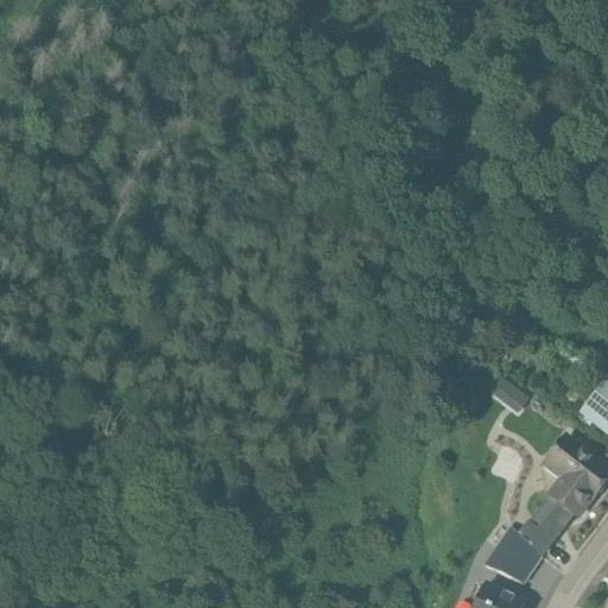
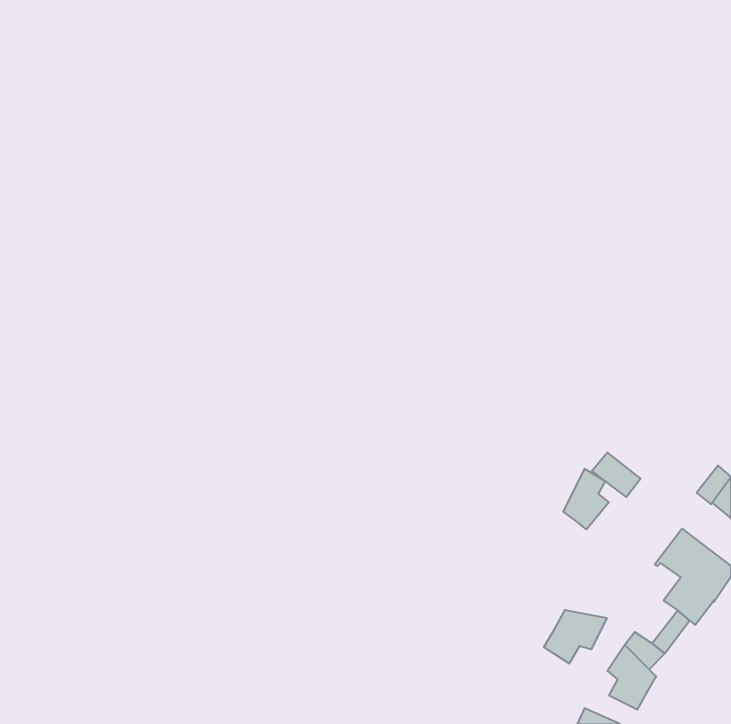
building: none -> [563,469,609,529]
building: none -> [544,610,607,664]

